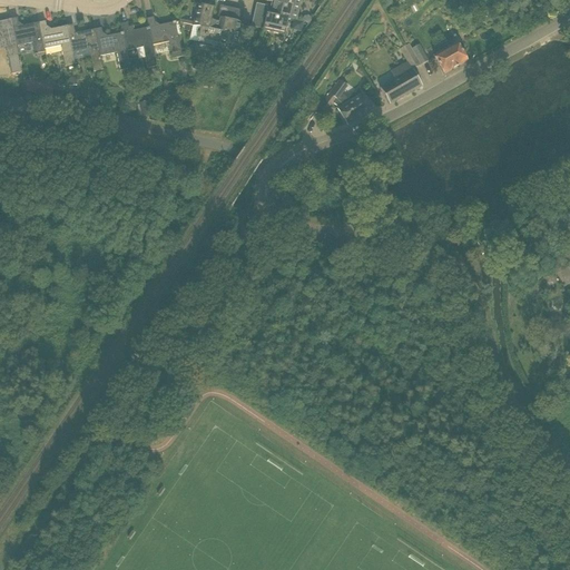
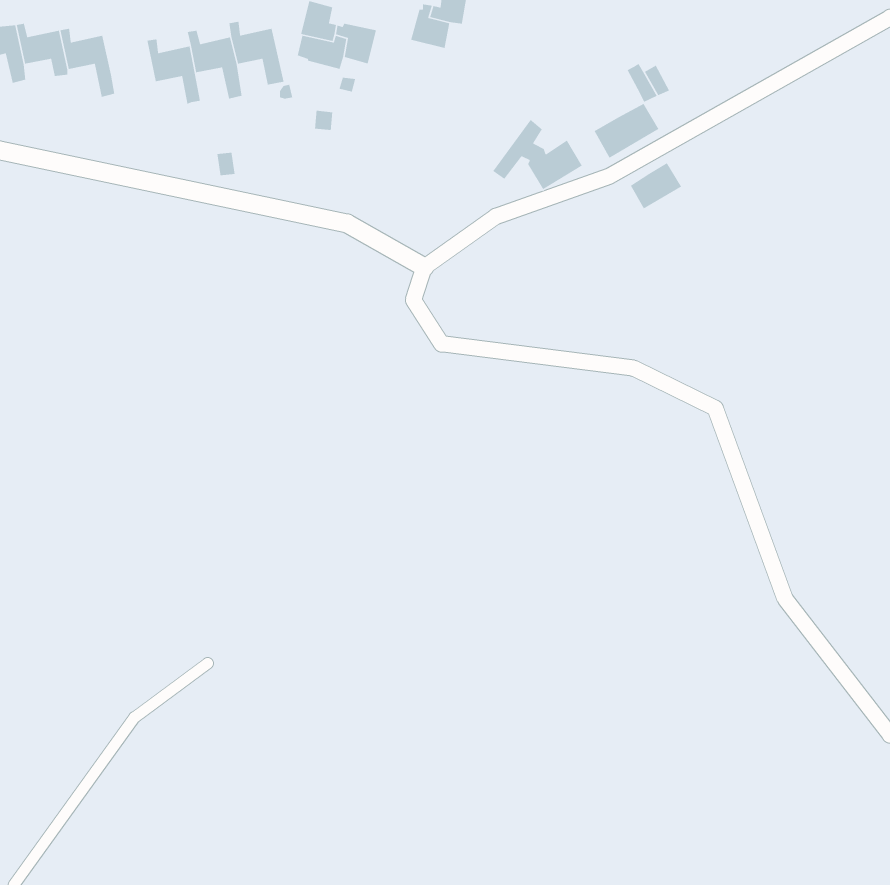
building: [66,21,101,68] -> none
building: [433,40,465,70] -> none
building: none -> [630,162,682,209]

